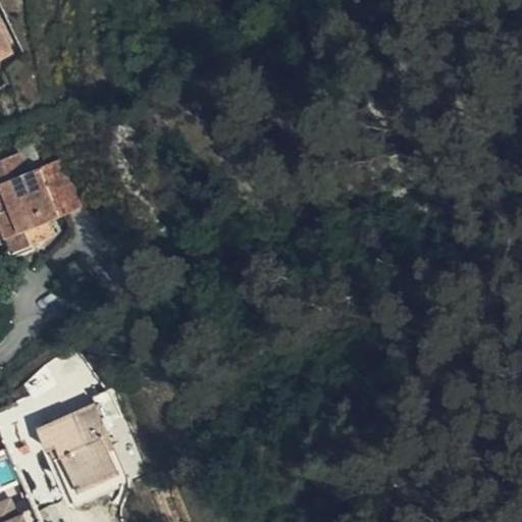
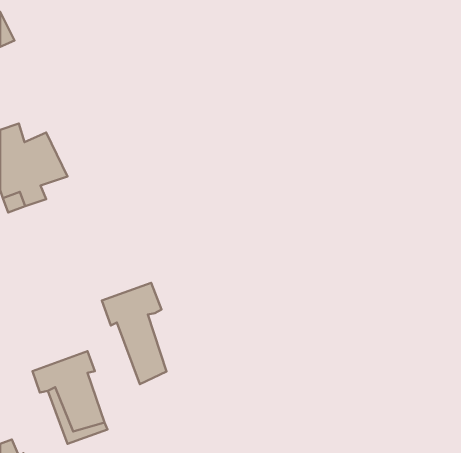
building: none -> [102,283,166,384]

